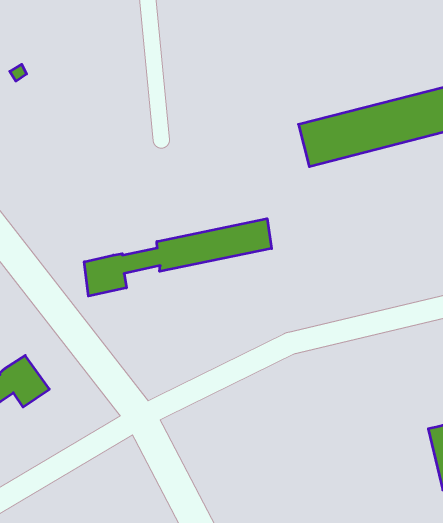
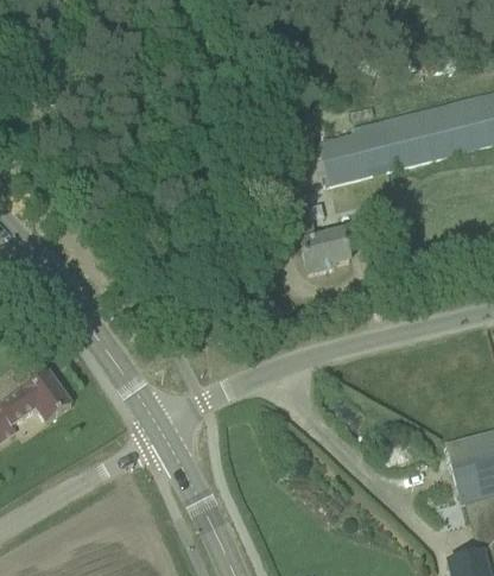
building: none -> [294,213,350,273]
building: [84,219,272,296] -> none

